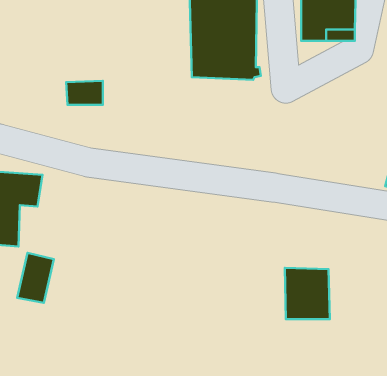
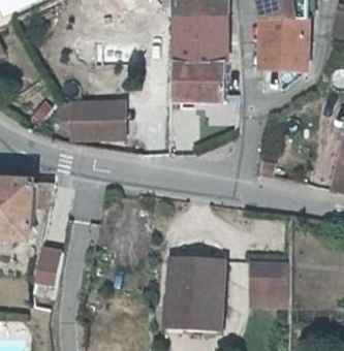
building: none -> [71,103,123,138]
building: none -> [167,255,224,331]

